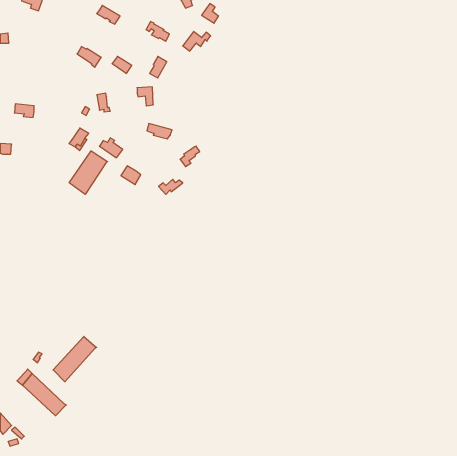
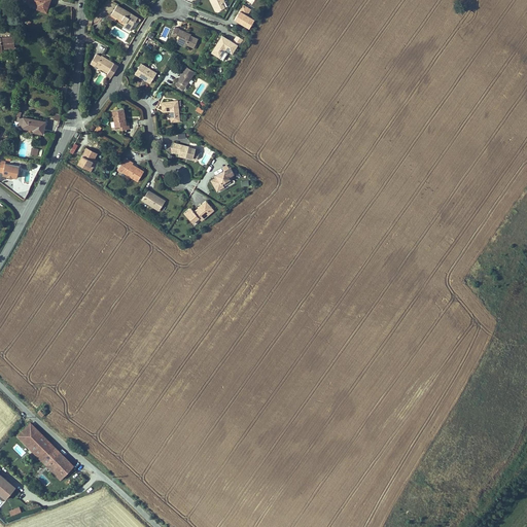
building: [69,151,108,194] -> none
building: [53,336,97,382] -> none

